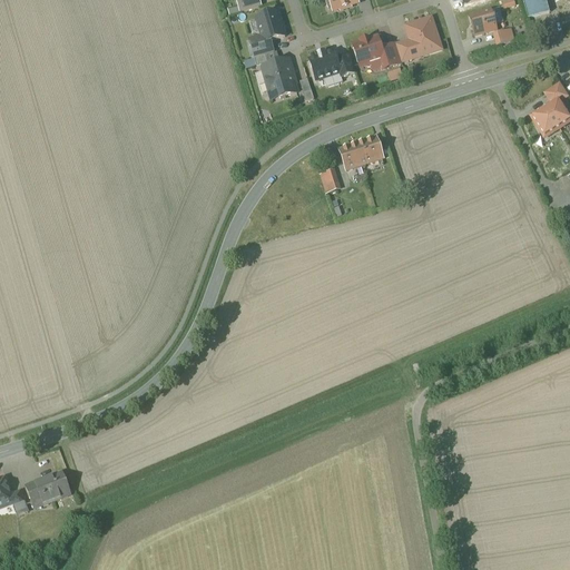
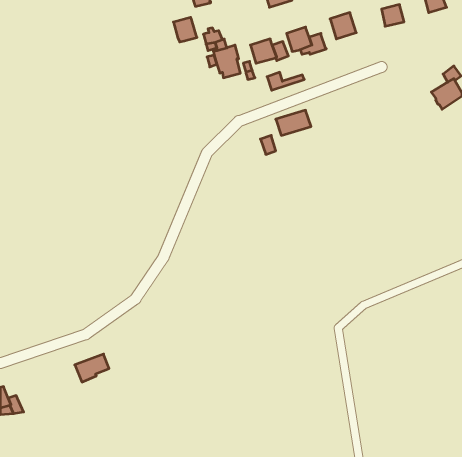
building: [256,9,285,39] -> [173,17,197,42]
building: [395,37,441,59] -> [267,72,304,90]
building: [26,471,68,505] -> [75,354,109,382]

